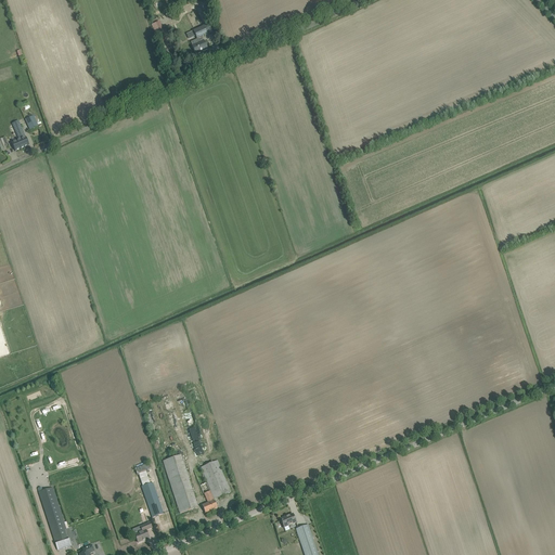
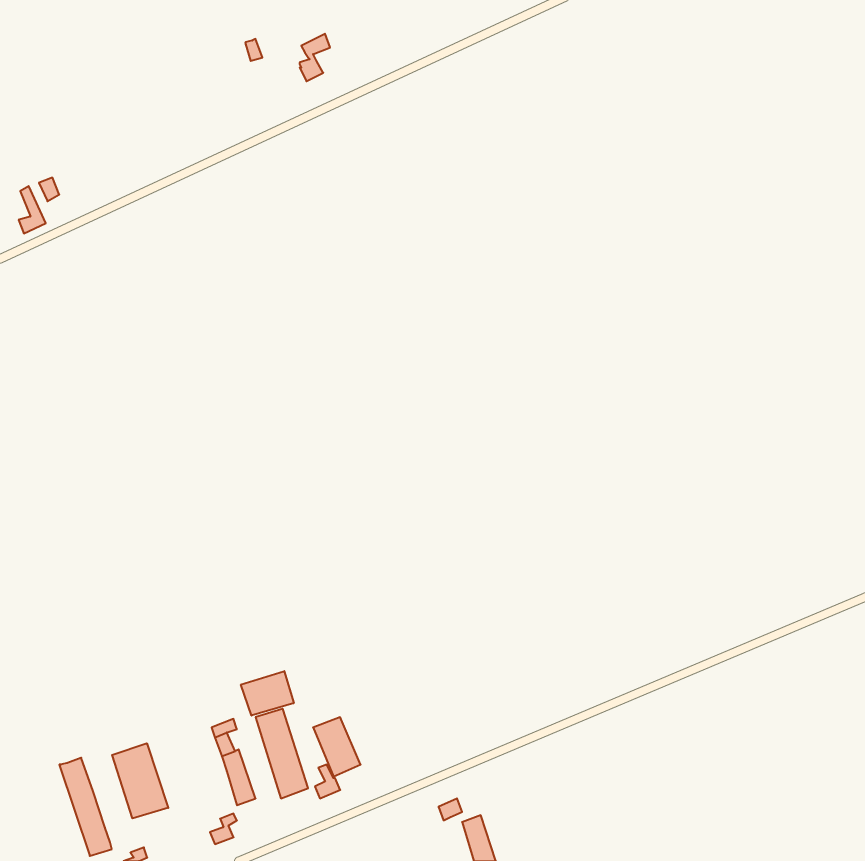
building: none -> [241,671,294,716]
building: none -> [112,743,168,818]

